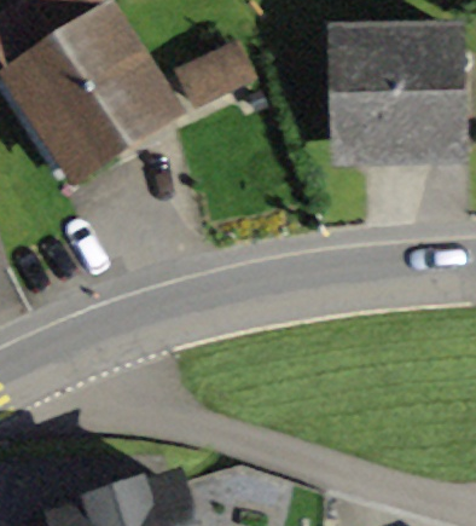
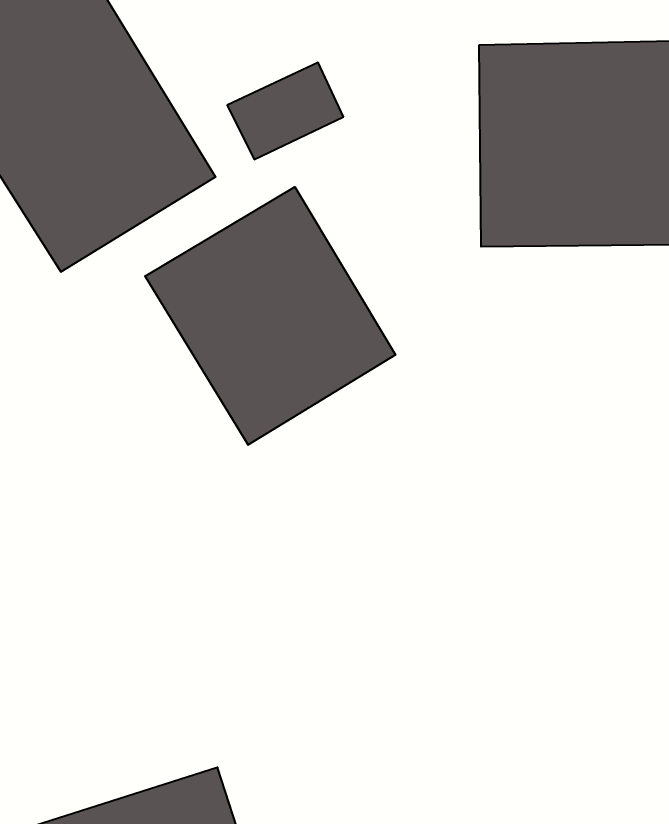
building: none -> [145,187,395,445]

